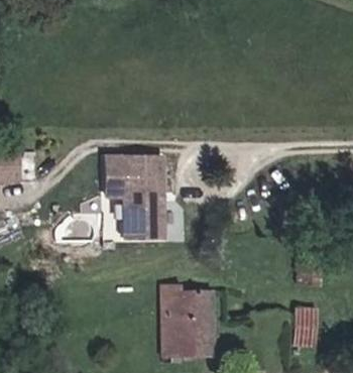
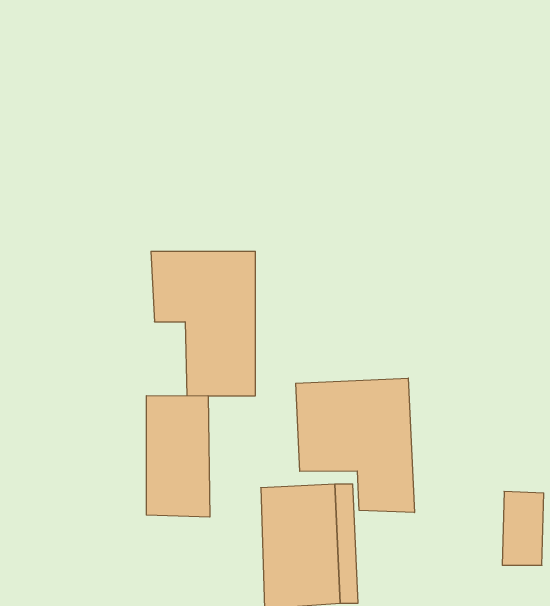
building: none -> [296,378,414,513]
building: none -> [146,396,210,517]

